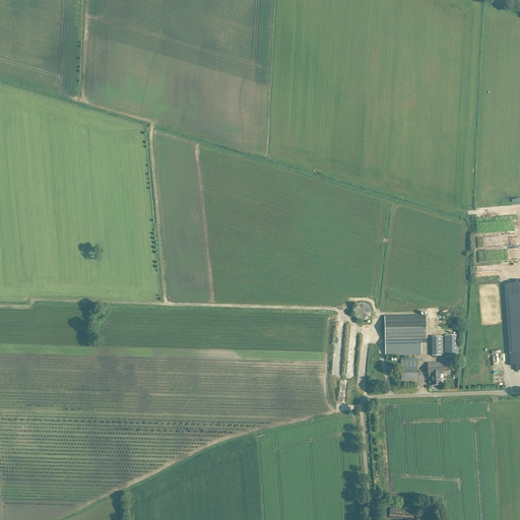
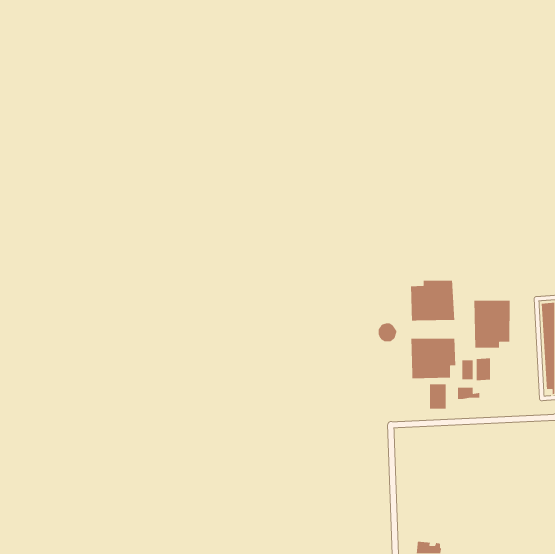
building: none -> [410,280,455,322]
building: none -> [474,300,510,348]

